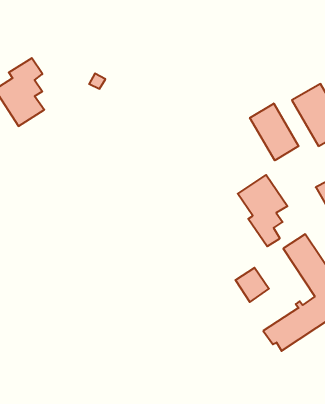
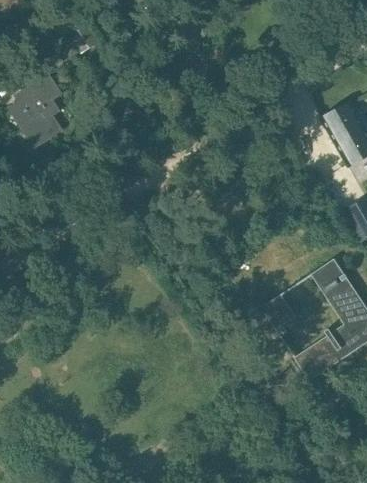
building: [250,103,299,160] -> none
building: [238,175,287,246] -> none

